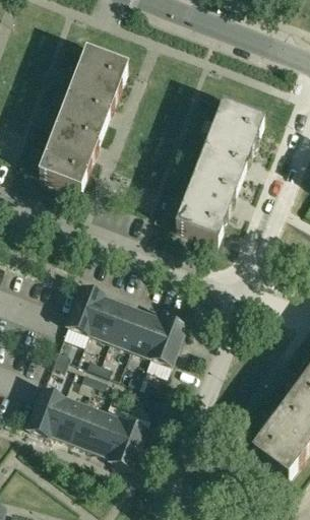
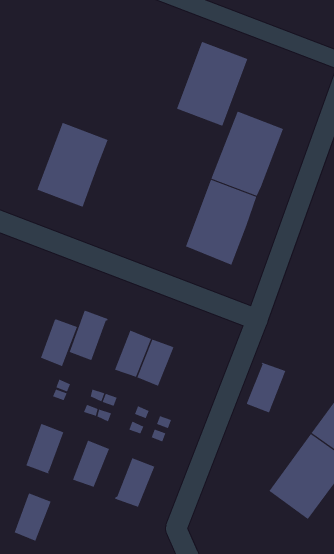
building: [59,50,125,128] -> [176,41,248,127]
building: [86,294,121,338] -> [40,318,78,367]
building: [147,316,184,363] -> [246,362,286,413]
building: [48,394,82,439] -> [14,492,51,541]
building: [88,410,123,454] -> none

